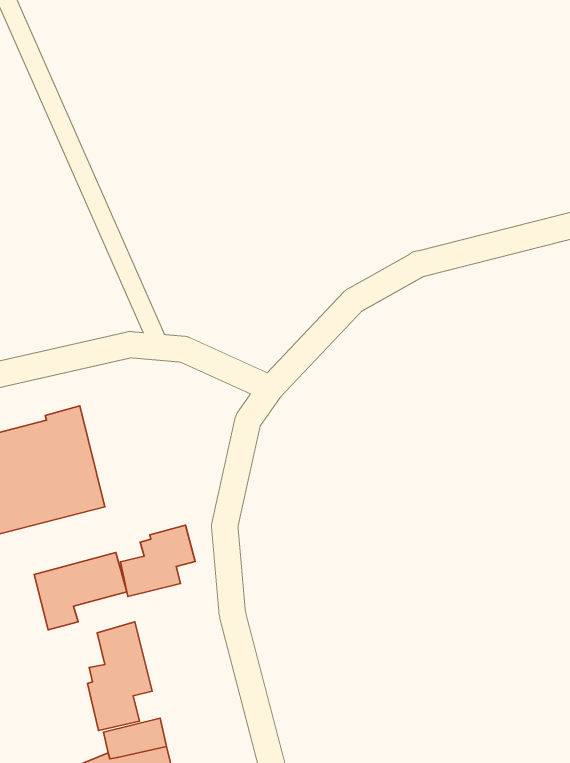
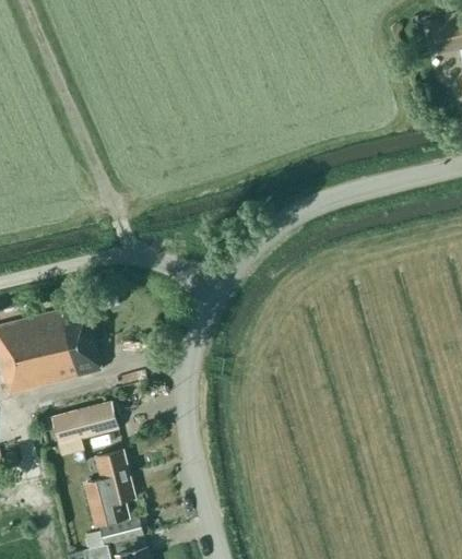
building: [120,525,195,596] -> none

